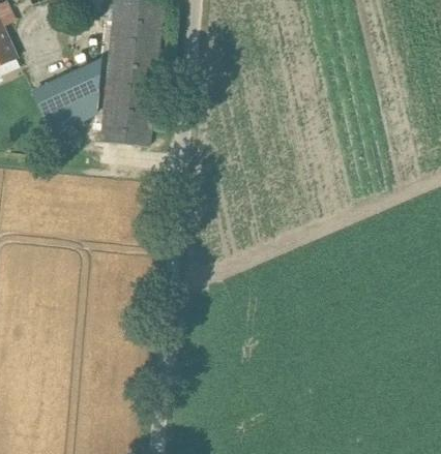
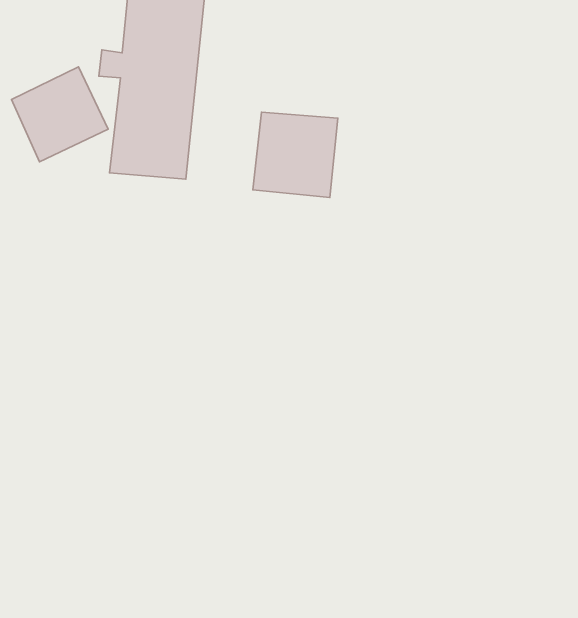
building: none -> [253,112,338,198]

